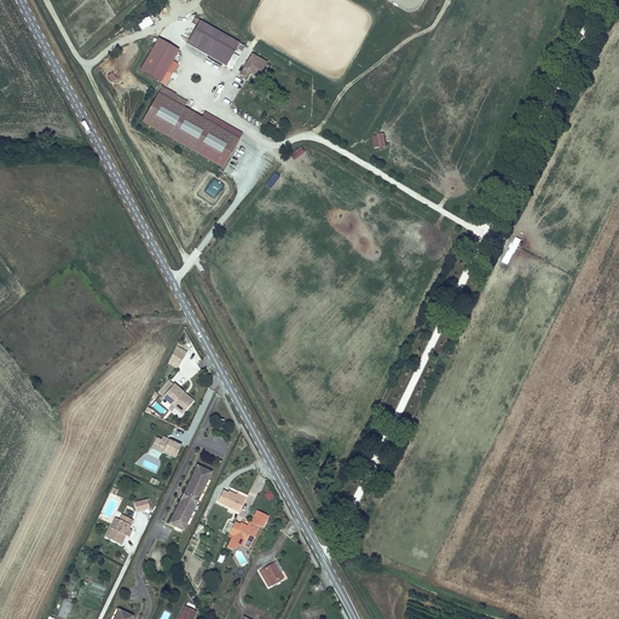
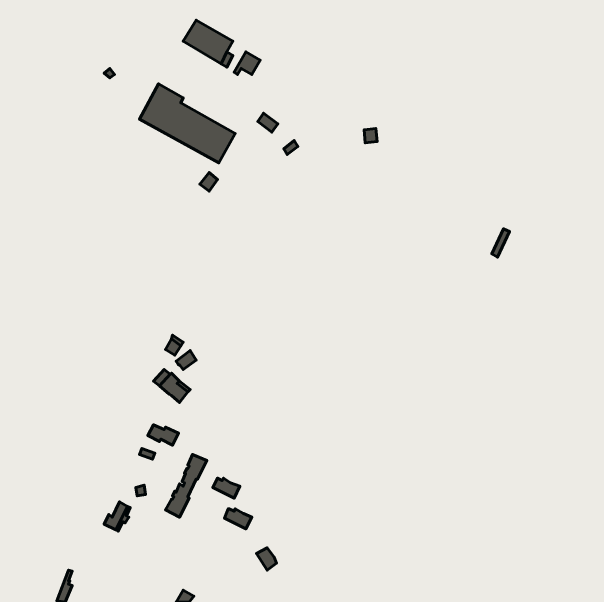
building: [139,39,178,81] -> none

